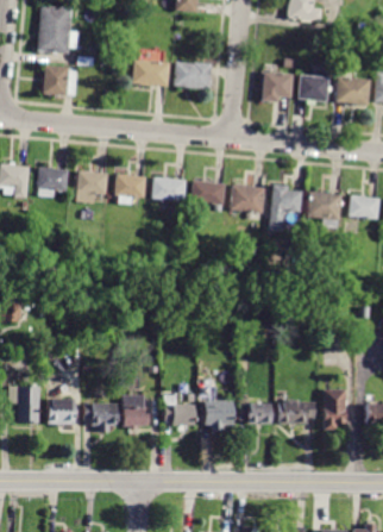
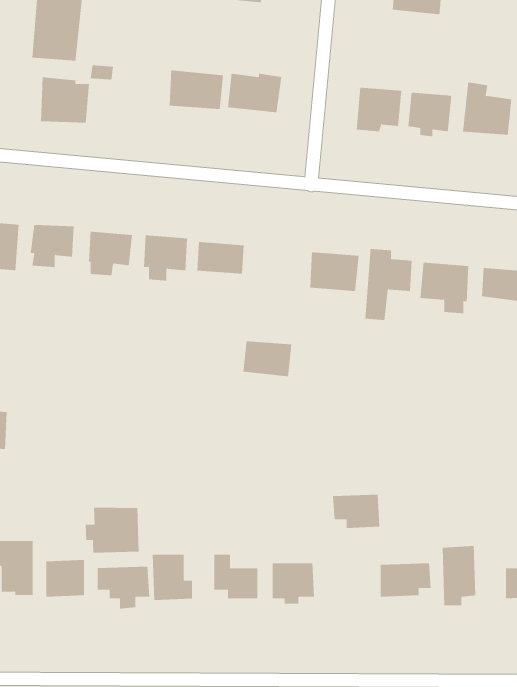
building: [192,180,226,205] -> [242,341,292,377]
building: none -> [85,507,139,554]
building: [239,401,272,425] -> [332,494,380,528]

